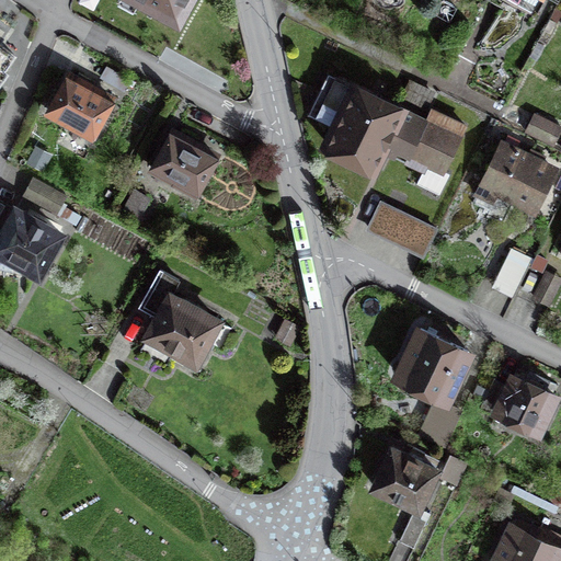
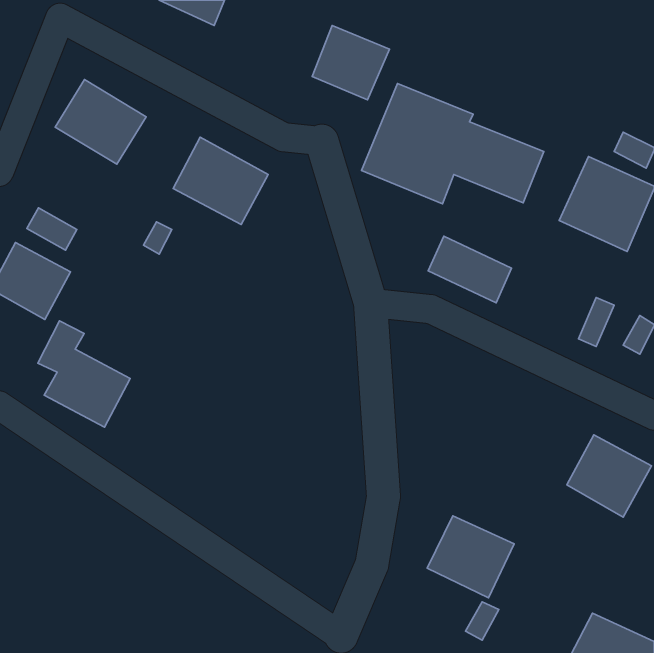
building: none -> [312,26,389,100]
building: [139,272,218,363] -> [38,321,130,427]
building: [396,329,466,396] -> none
building: [417,401,460,447] -> none

